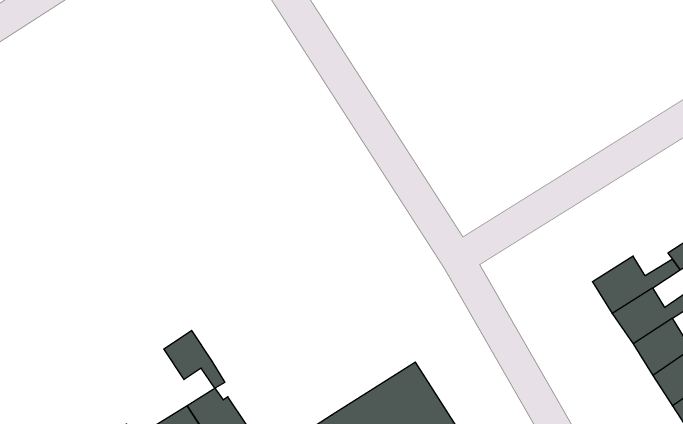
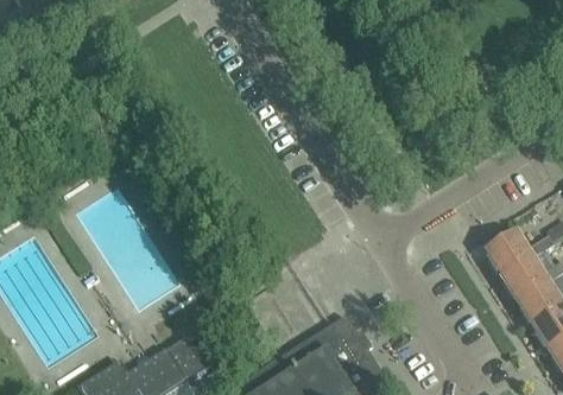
building: [164,330,225,388] -> none

